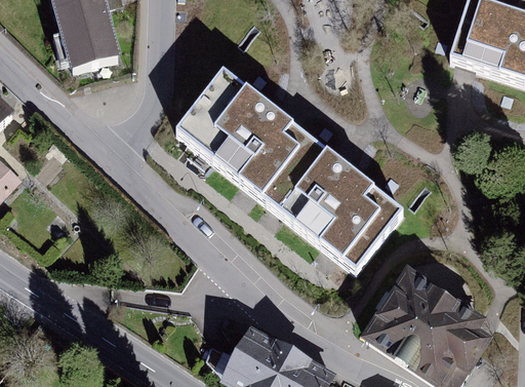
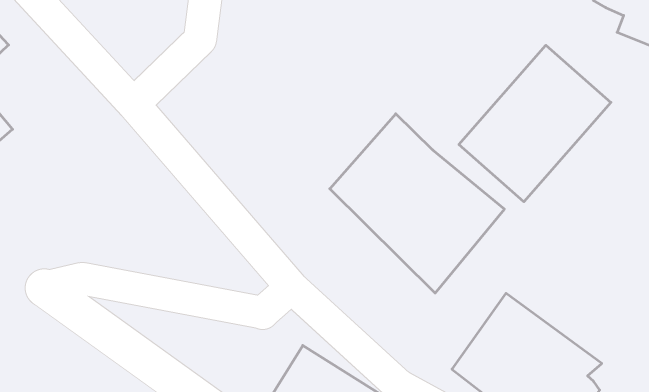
building: [173,74,311,203] -> none
building: none -> [459,45,611,202]

